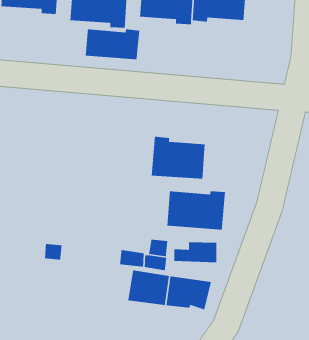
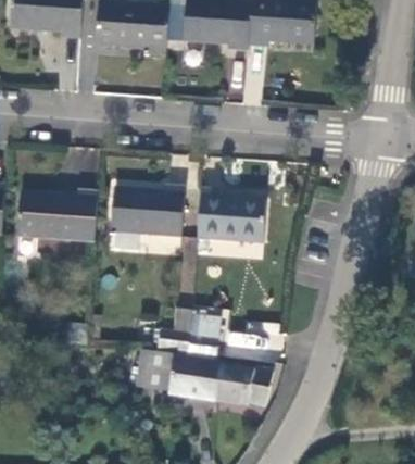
building: [85,29,140,60] -> none
building: none -> [16,190,97,241]
building: [167,191,226,231] -> [111,187,185,237]
building: none -> [136,350,174,391]

